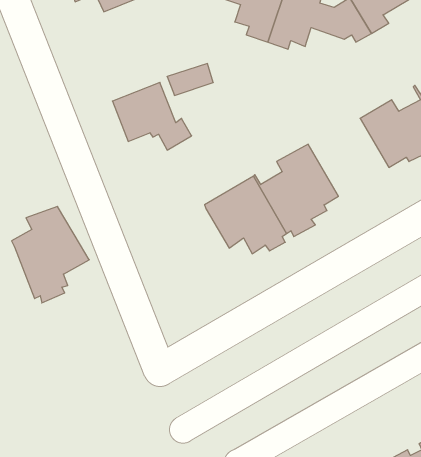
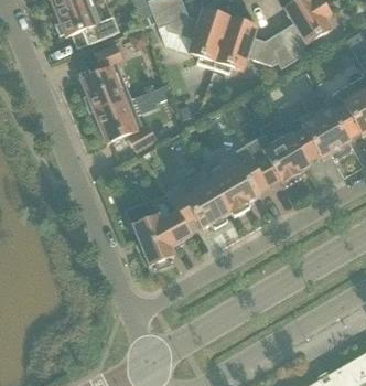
building: none -> [82,45,131,112]
building: none -> [245,126,309,186]
building: [12,206,89,303] -> [131,195,191,269]

